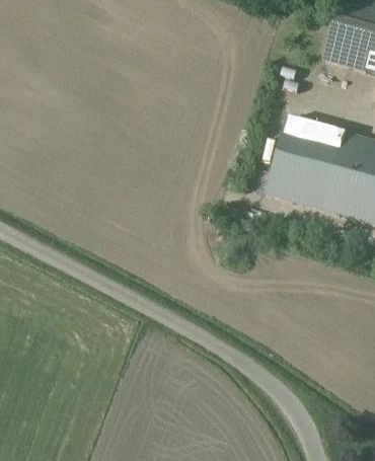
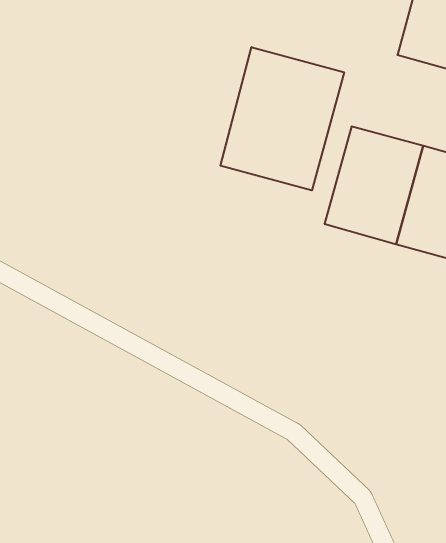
building: none -> [220,47,344,190]

